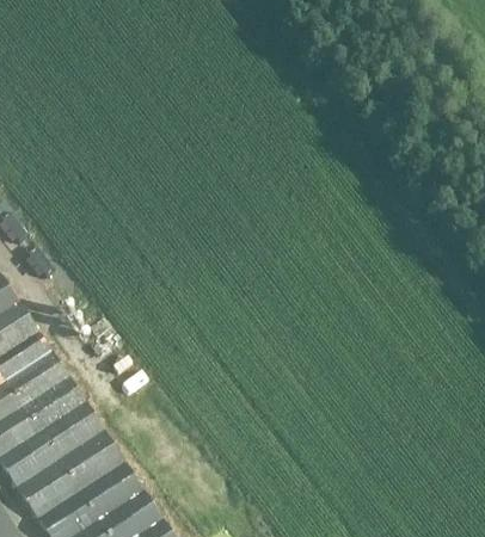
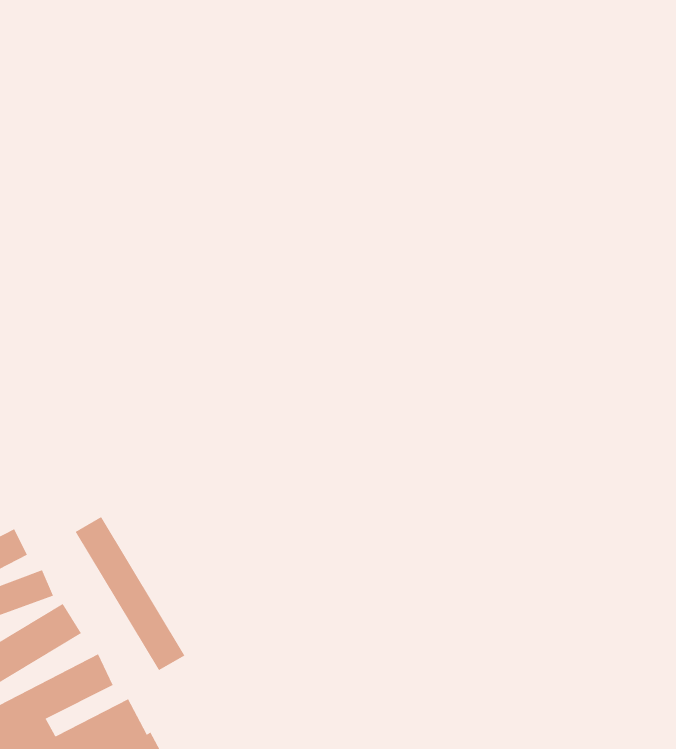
building: none -> [75,516,185,671]

